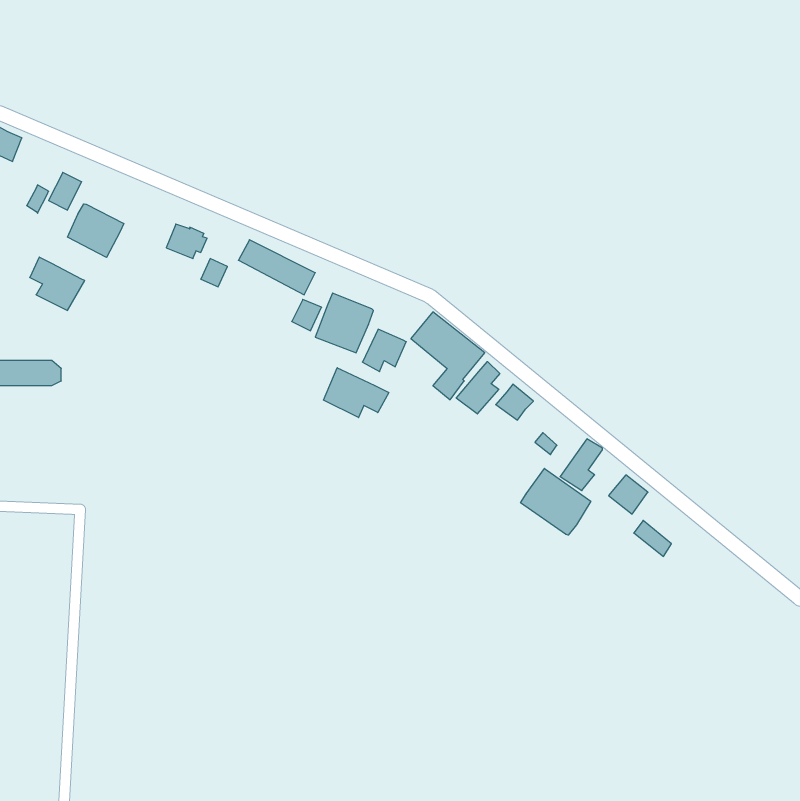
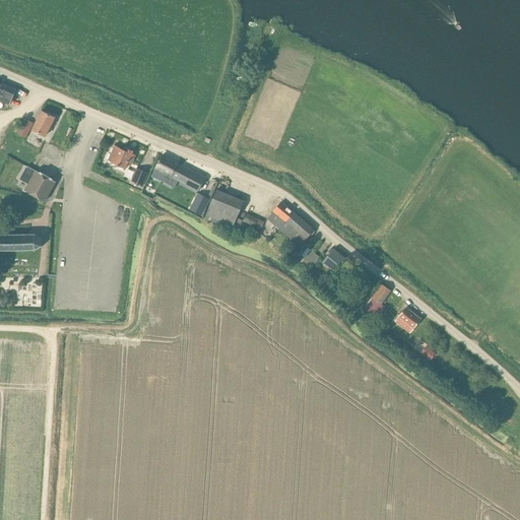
building: [68,204,124,257] -> none
building: [456,362,500,414] -> none
building: [324,368,389,418] -> none
building: [521,468,591,535] -> none

